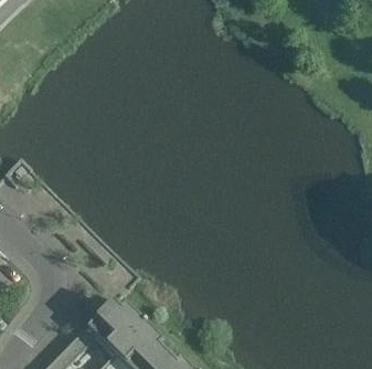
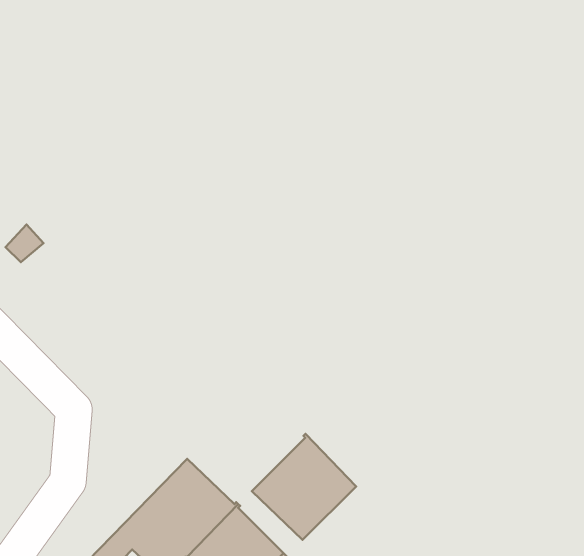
building: none -> [252,434,356,540]

